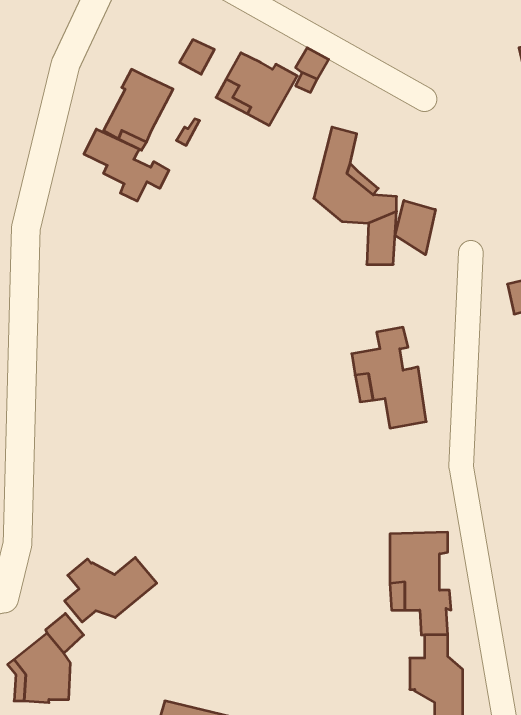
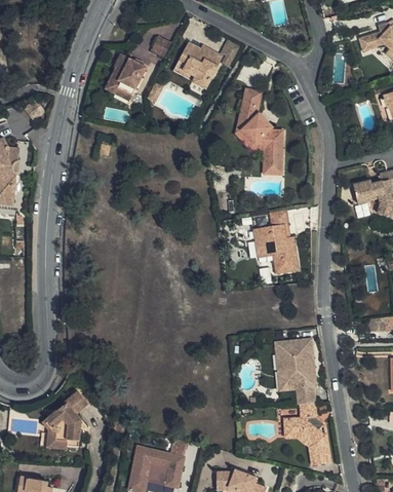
building: [84,129,169,201] -> none
building: [395,200,435,255] -> none
building: [65,557,157,622] -> none

